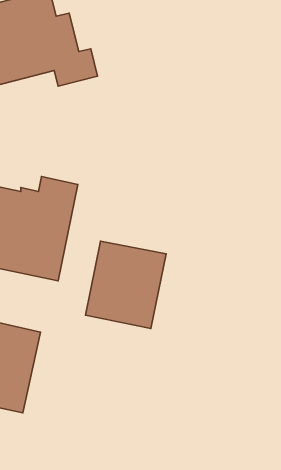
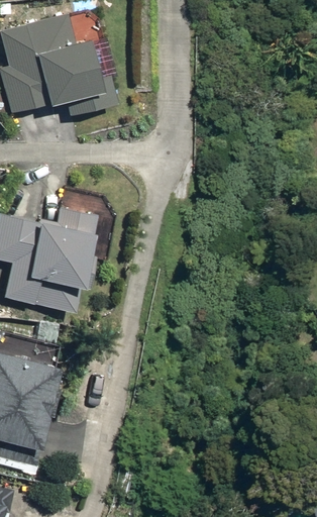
building: [86,241,166,329] -> none

